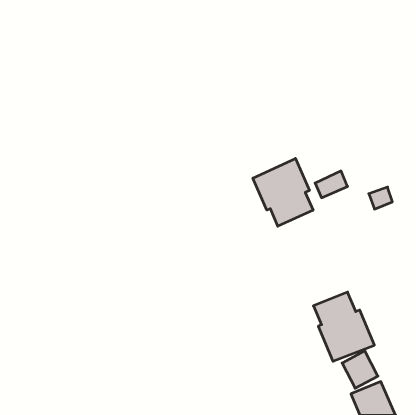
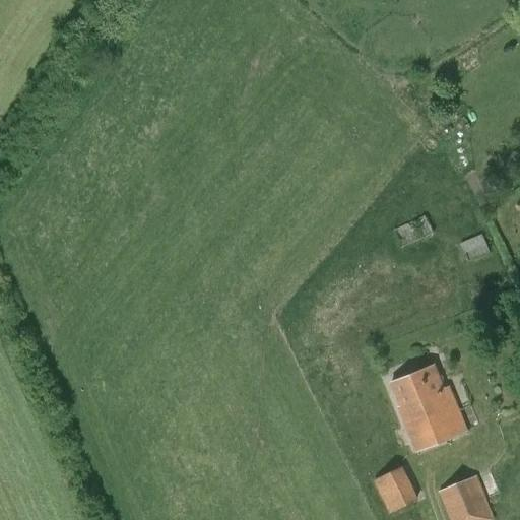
building: [253,158,313,226] -> none
building: [342,351,378,388] -> [375,466,419,513]

